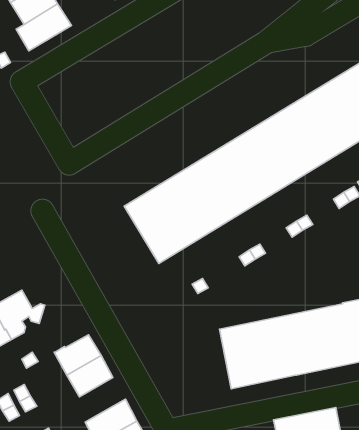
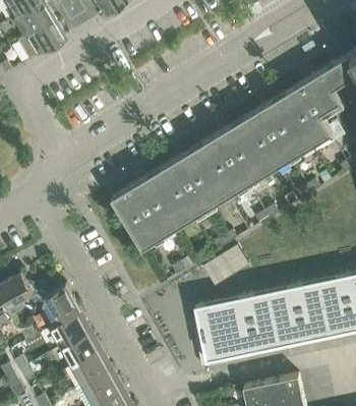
building: none -> [36,288,79,330]
building: none -> [71,352,112,389]

